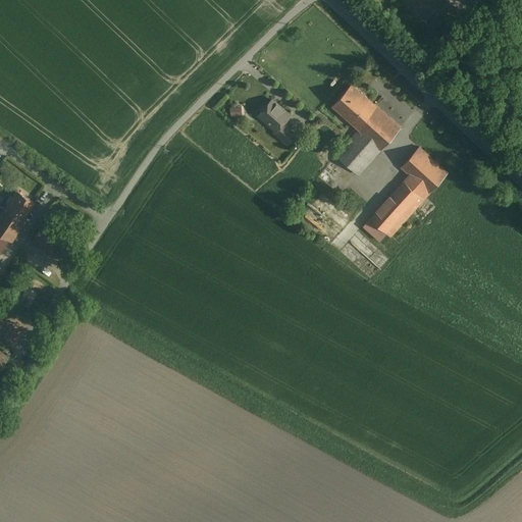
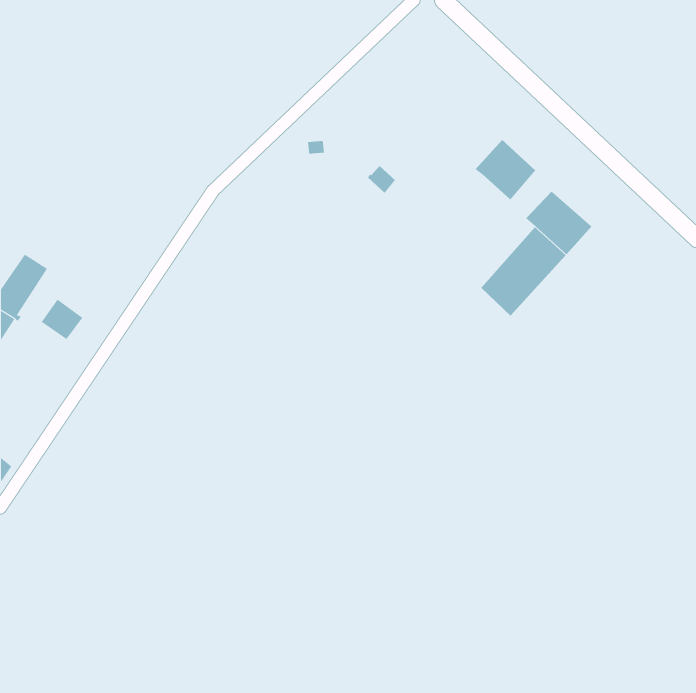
building: [333,87,376,129] -> none
building: [261,102,292,134] -> none
building: [338,134,381,177] -> none

